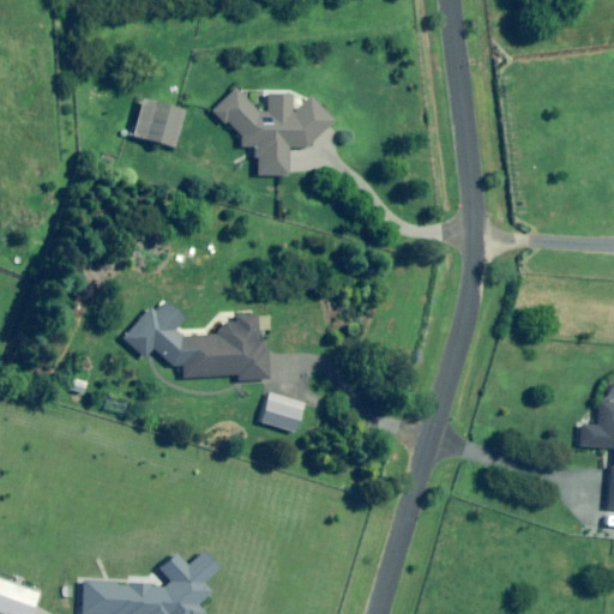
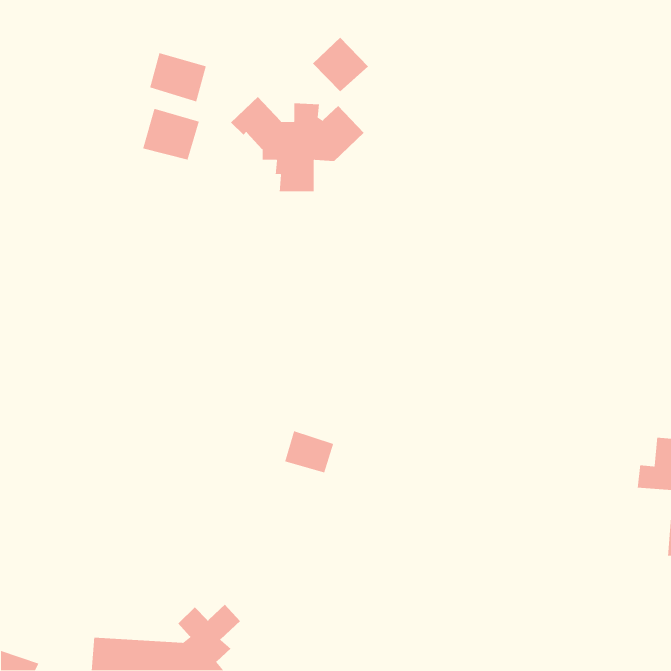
building: none -> [312,37,369,92]
building: none -> [149,52,207,103]
building: [124,300,269,380] -> none

